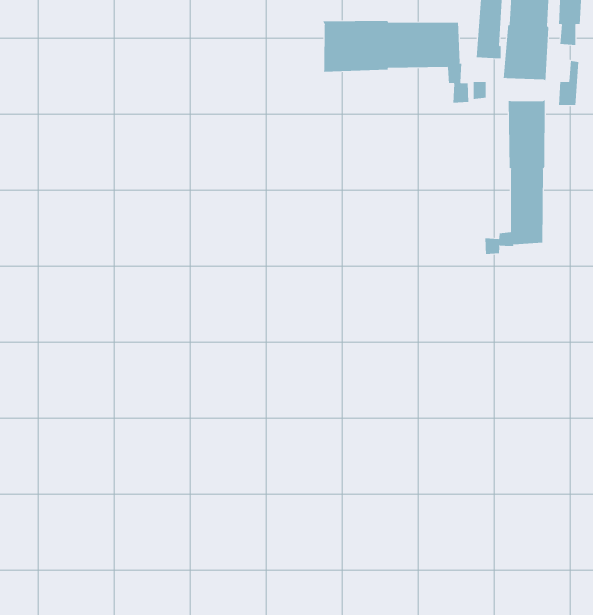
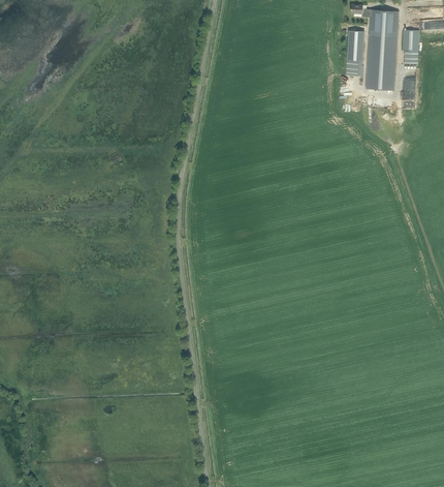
building: [323,20,469,104] -> none
building: [485,99,545,255] -> none

